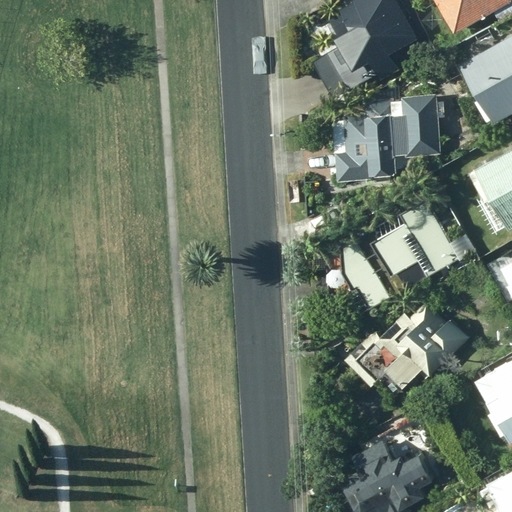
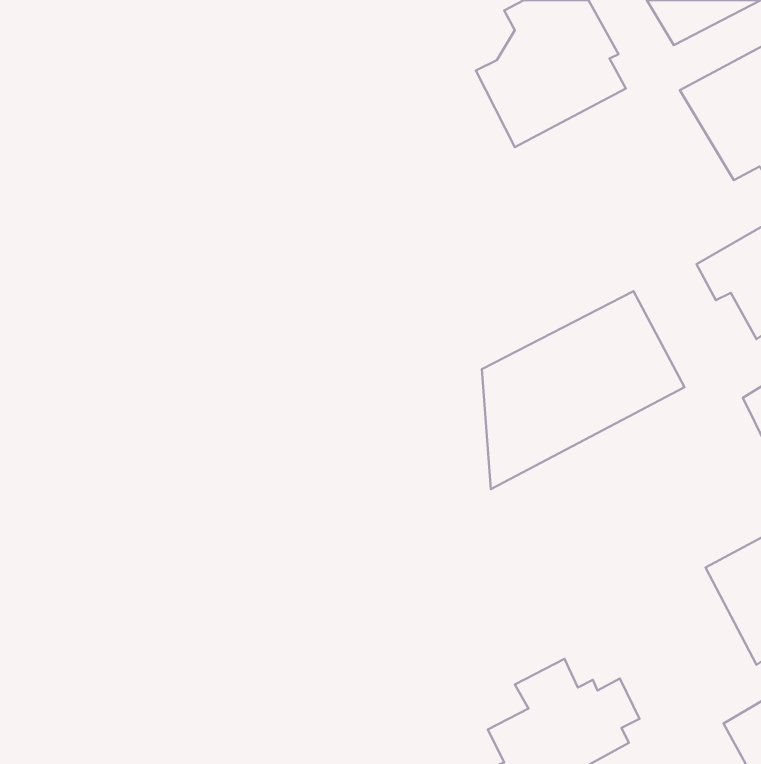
building: [336,95,442,180] -> none
building: [358,300,471,391] -> none

